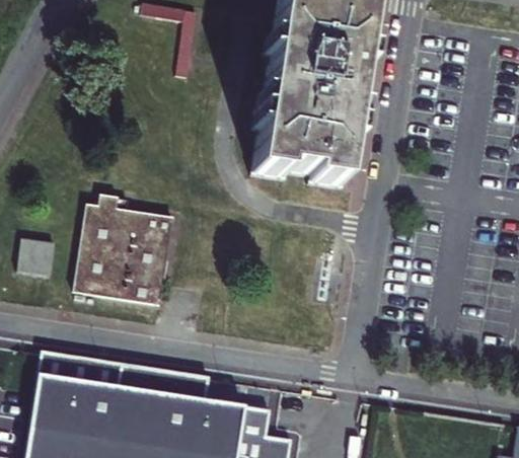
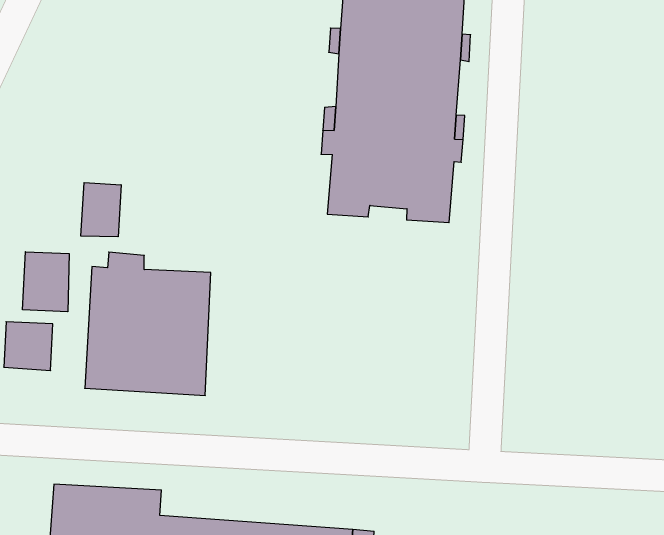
building: none -> [81,183,121,237]
building: none -> [23,252,69,312]

